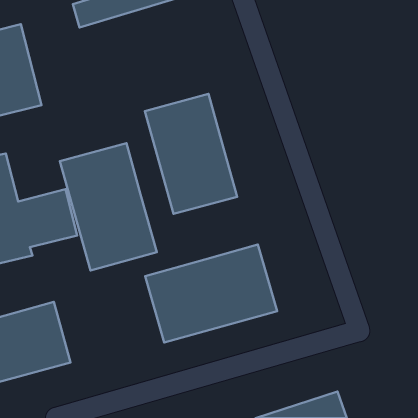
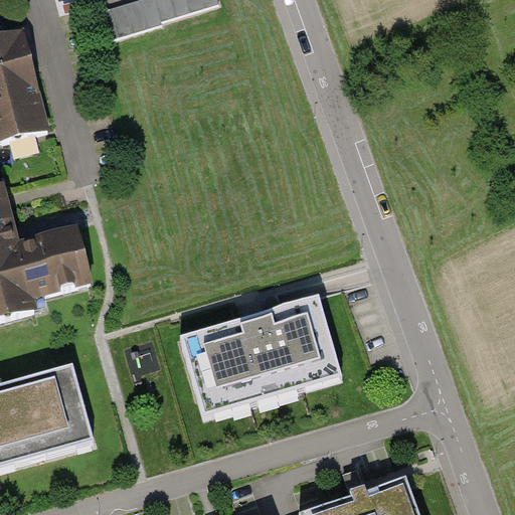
building: [145,94,237,214] -> none
building: [60,143,157,270] -> none

